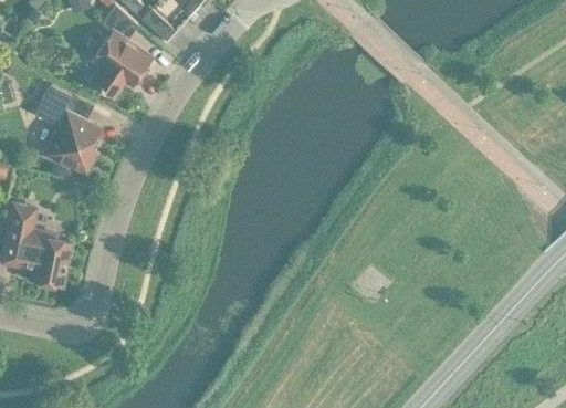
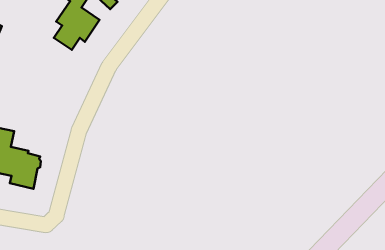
building: [33,84,98,171] -> none

